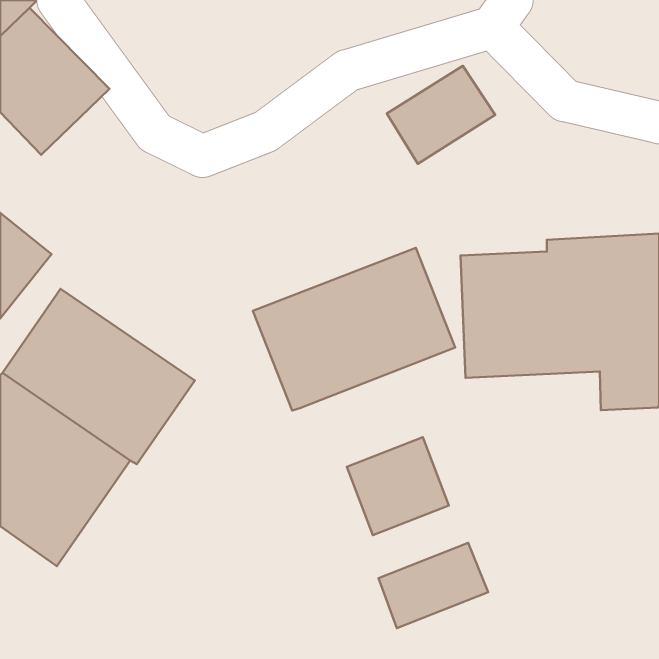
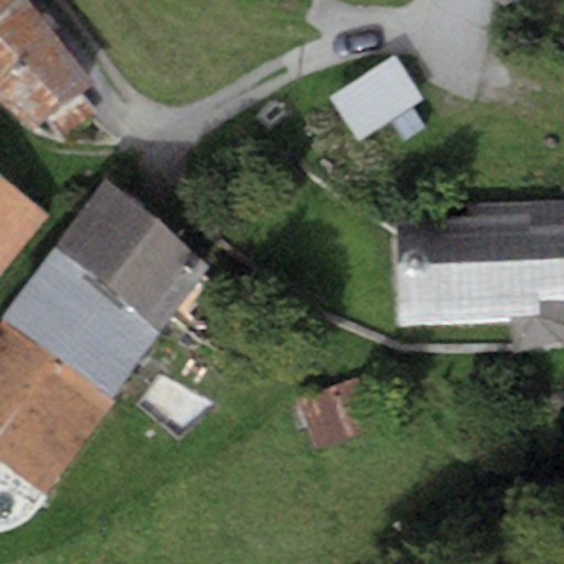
building: none -> [52,181,213,325]
building: [253,248,455,411] -> none
building: [378,543,488,628] -> none

